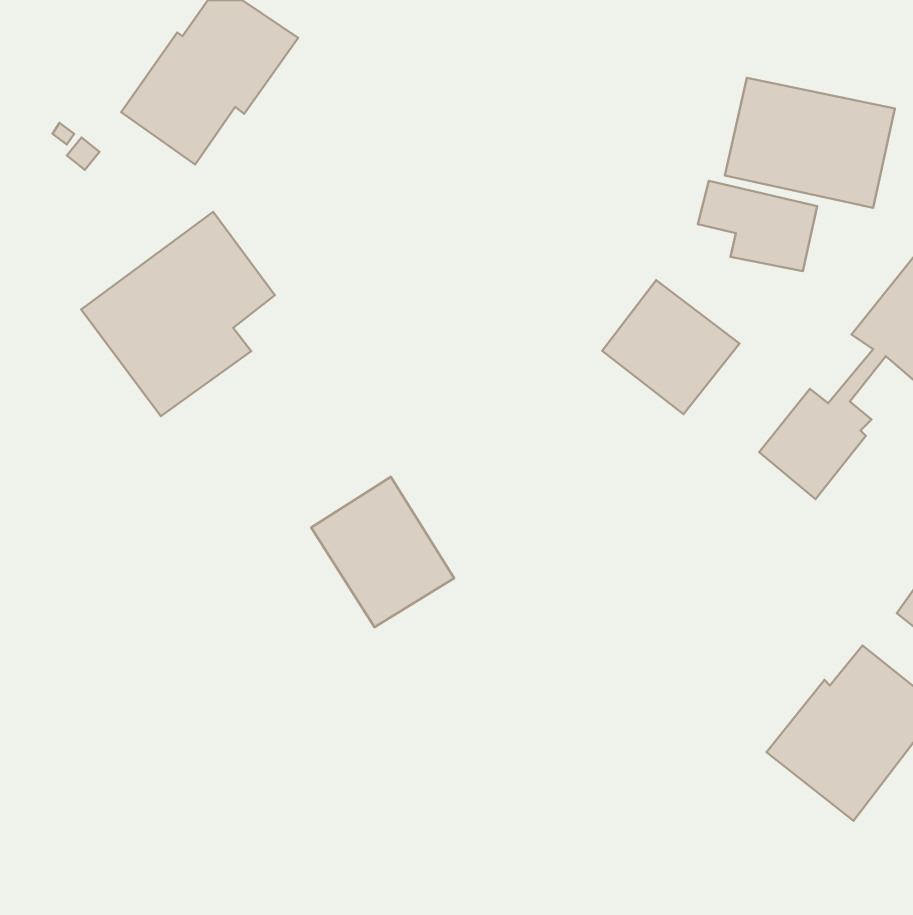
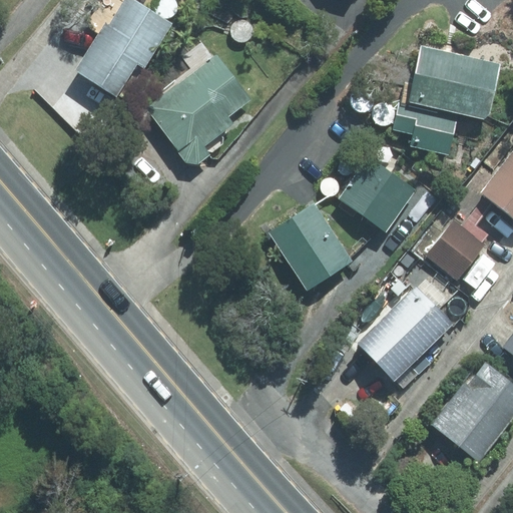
building: [81,212,275,416] -> [144,55,251,168]
building: [311,477,454,627] -> [271,205,350,289]
building: none -> [359,287,453,379]

